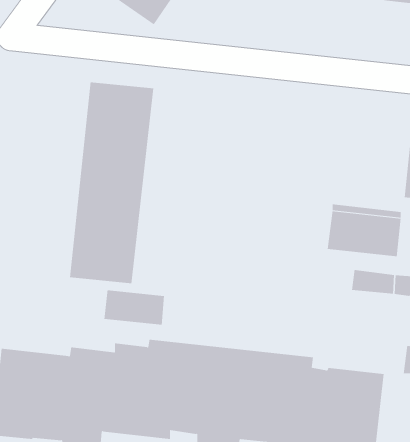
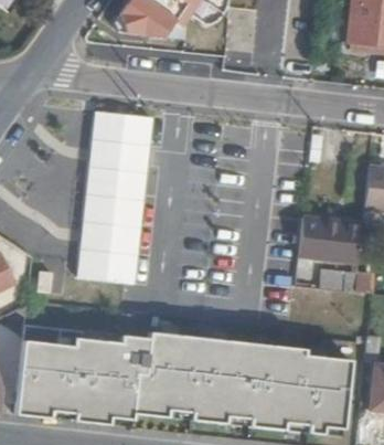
building: [104,290,164,326] -> none

